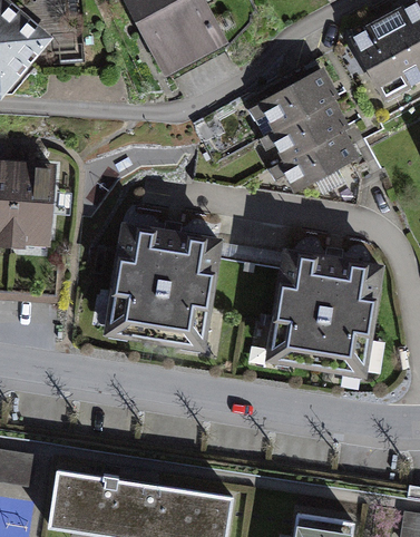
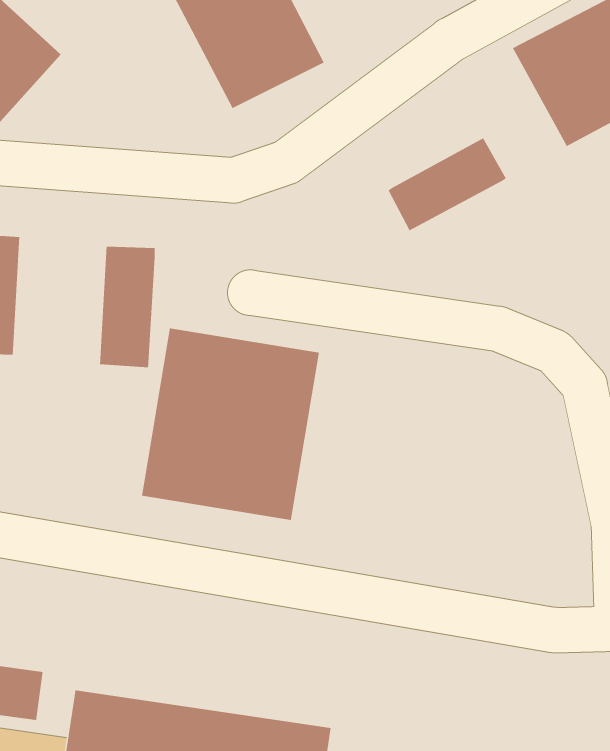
building: [257,66,338,128] -> none
building: [280,125,361,187] -> none
building: [17,162,55,244] -> [99,246,156,368]
building: [264,250,384,380] -> none

